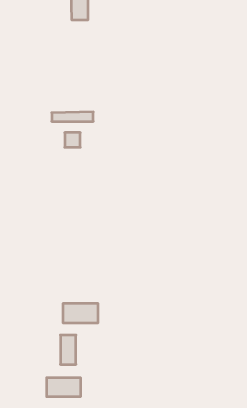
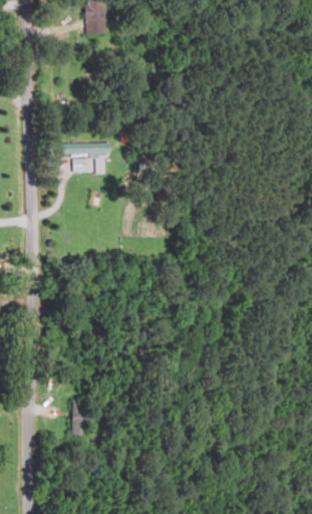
building: [63,303,98,323] -> none
building: [47,378,80,397] -> none

